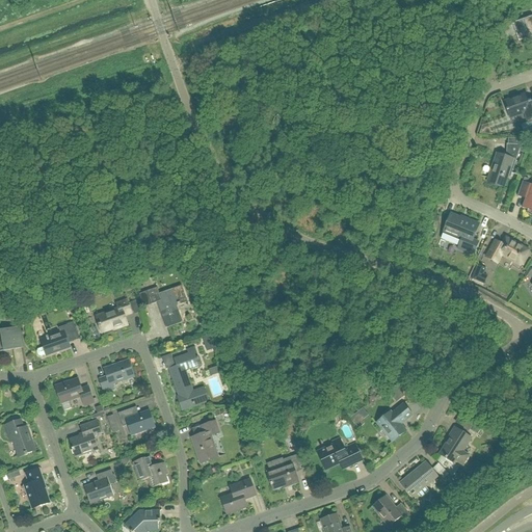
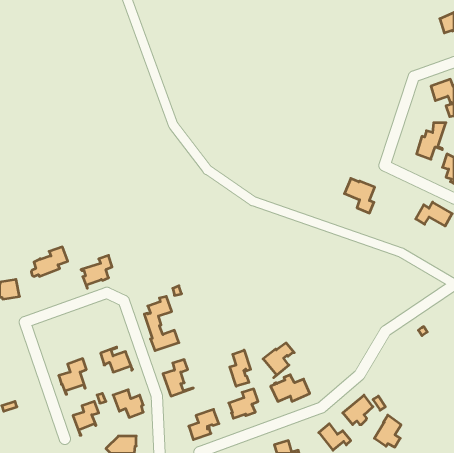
building: [443,213,478,254] -> [344,178,375,213]
building: [145,285,186,327] -> none
building: [36,321,79,355] -> [31,247,68,276]
building: [99,358,134,392] -> none
building: [54,378,94,409] -> none
building: [375,403,411,444] -> [263,343,294,378]
building: none -> [230,350,251,386]
building: [4,420,34,456] -> none
building: [438,426,470,463] -> [374,415,401,447]
building: [20,467,49,509] -> none

